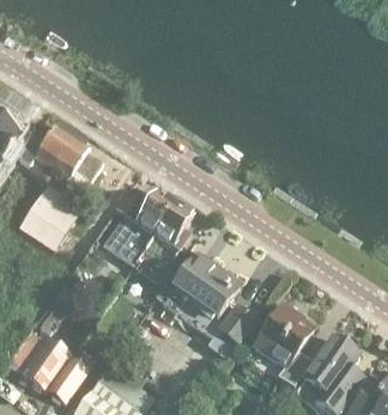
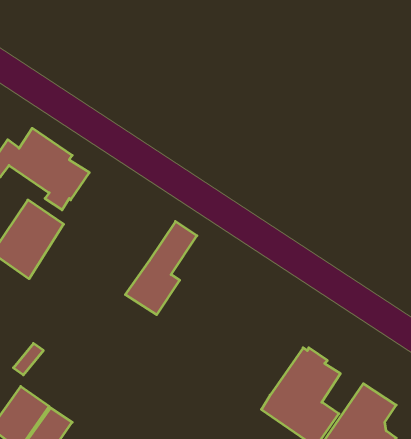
building: [107,188,176,261] -> none
building: [158,252,256,359] -> none

